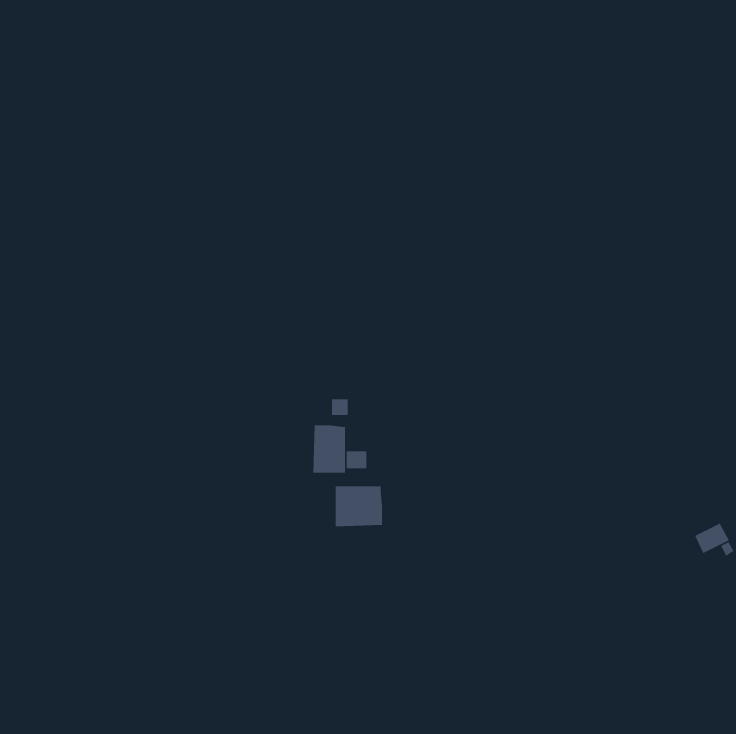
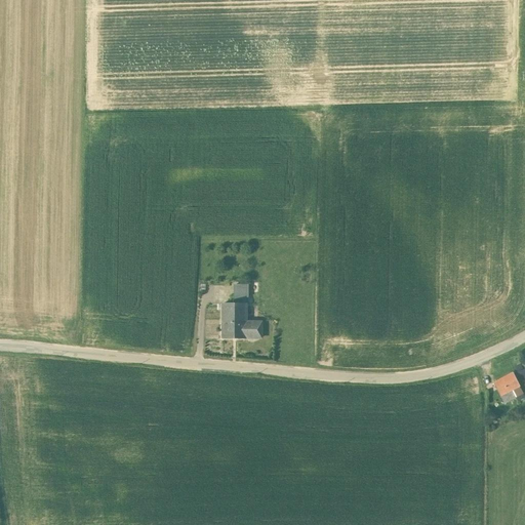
building: [335,485,383,527] -> none

